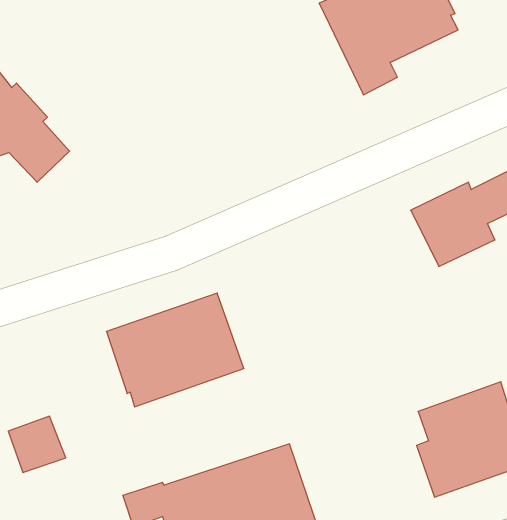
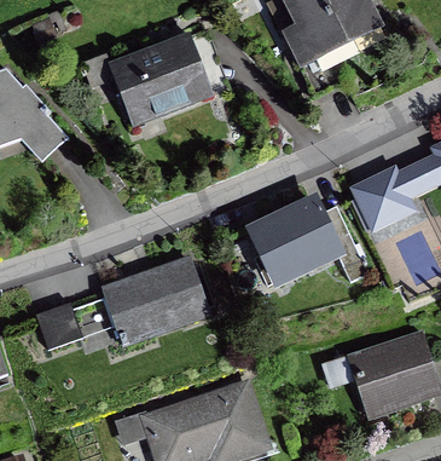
building: none -> [79,31,214,138]
building: none -> [249,195,371,289]
building: [8,416,66,473] -> [35,302,82,348]

